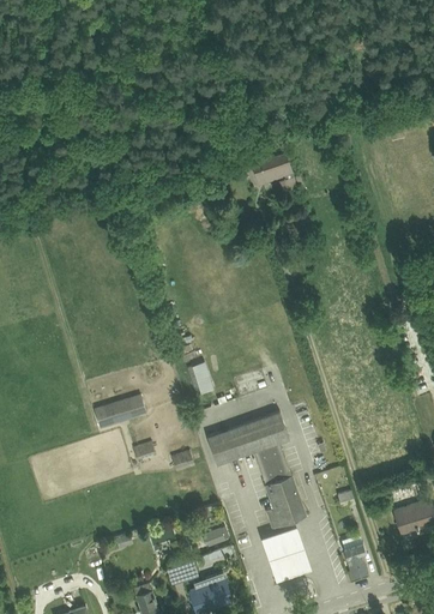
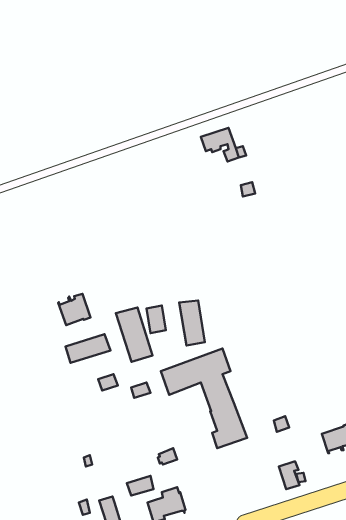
building: none -> [58,294,90,325]
building: none -> [179,301,205,345]
building: none -> [116,307,152,362]
building: [260,525,311,579] -> none

